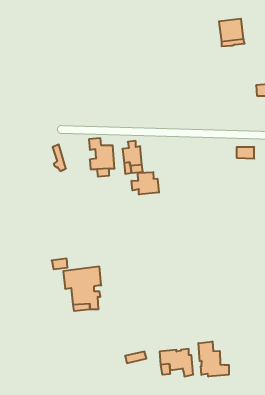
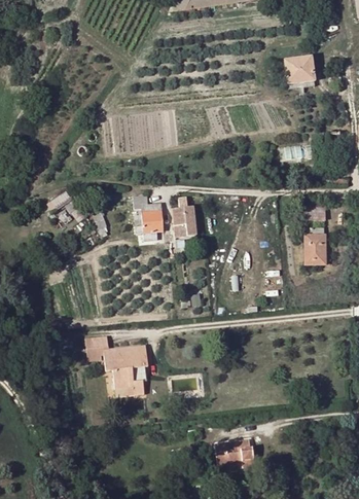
building: none -> [306,227,327,264]
building: [132,172,159,195] -> none
building: [198,341,229,377] -> none

